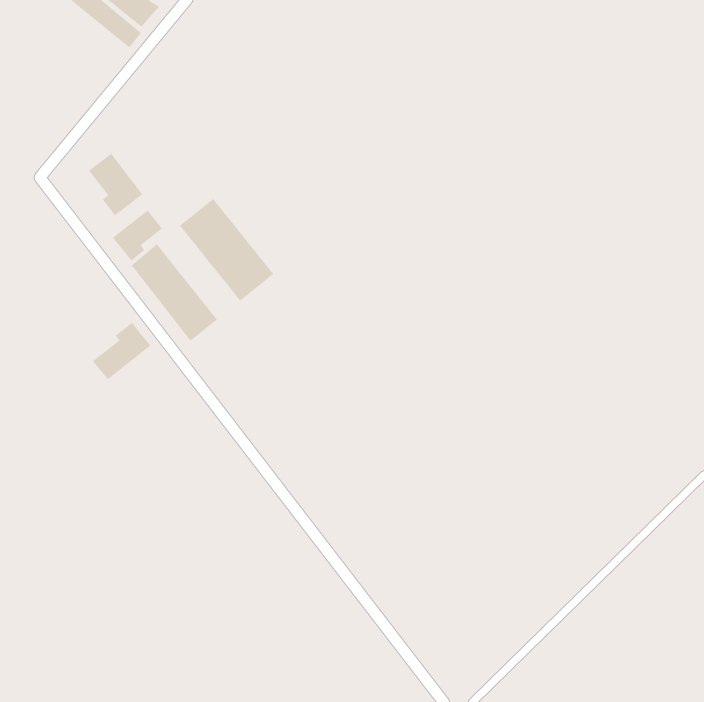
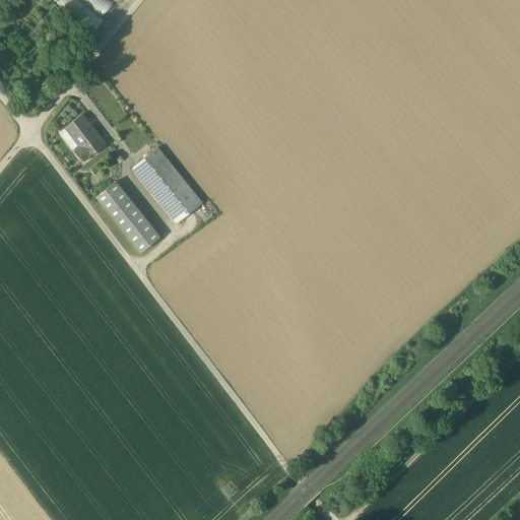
building: [112,209,163,261] -> none
building: [92,322,151,380] -> none

